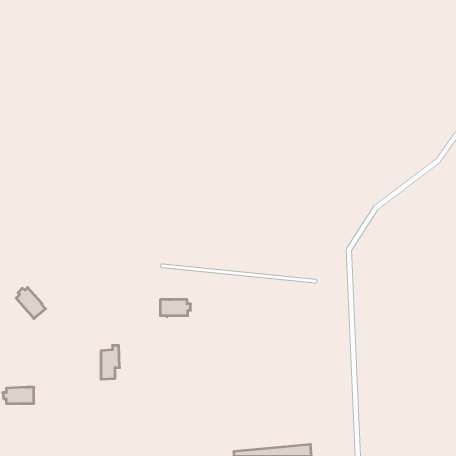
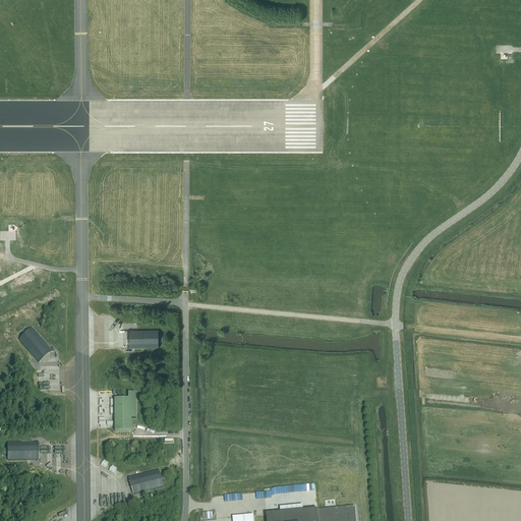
building: [160,300,191,316] -> [127,330,162,349]
building: none -> [128,469,165,496]

